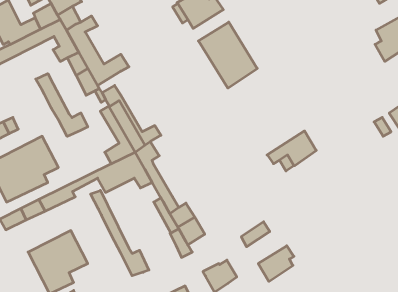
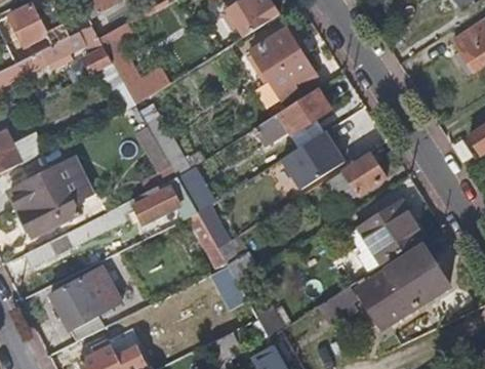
building: none -> [254,87,331,143]
building: [36,74,88,136] -> none
building: none -> [282,127,343,189]
building: none -> [351,202,426,274]
building: [91,190,149,276] -> none
building: none -> [357,247,448,328]

